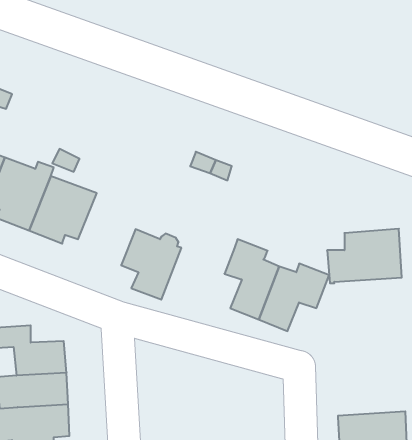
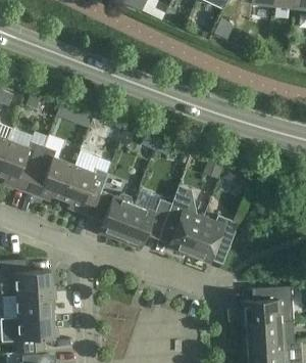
building: none -> [60,165,107,216]
building: [327,229,402,283] -> [240,285,293,324]
building: none -> [119,199,171,248]

